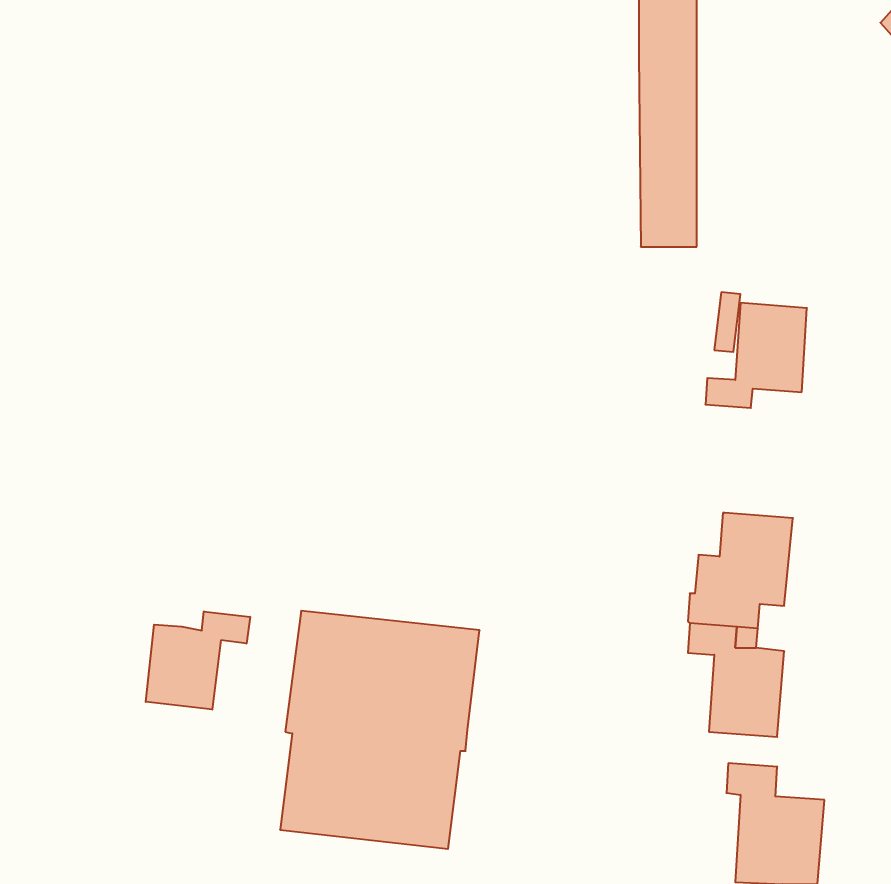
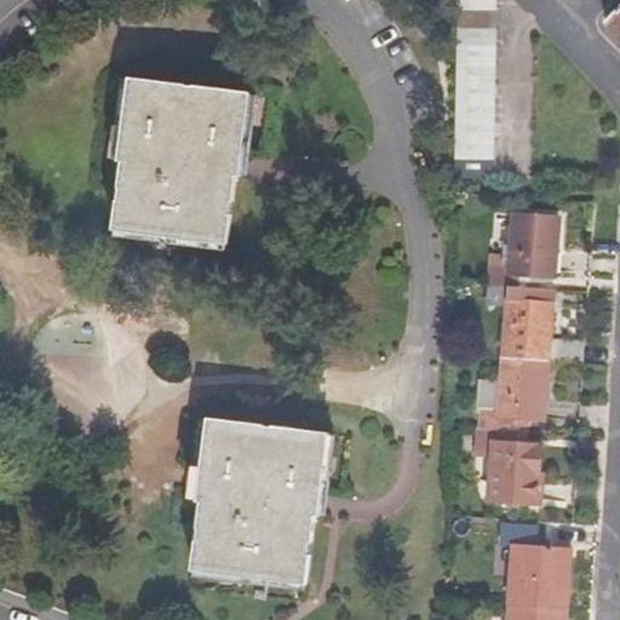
building: none -> [107,75,241,237]
building: none -> [489,280,591,362]
building: [146,611,250,710] -> none

